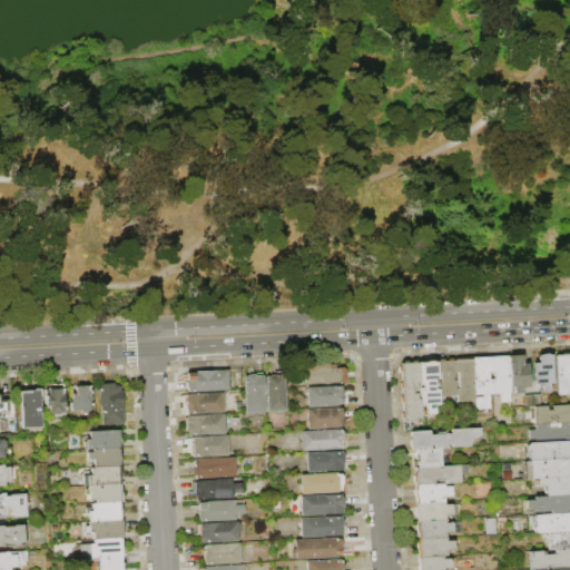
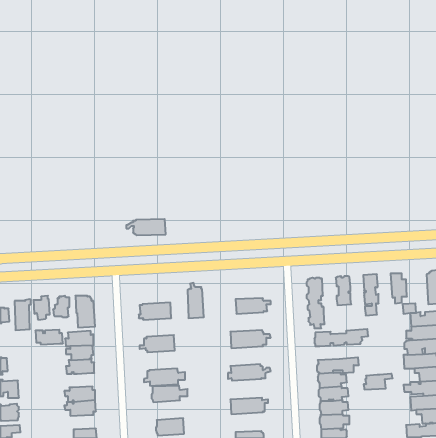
building: [534,354,554,391] -> none
building: [492,355,512,402] -> none
building: [456,357,476,402] -> none
building: [421,360,441,414] -> none
building: [303,364,348,386] -> none
building: [267,367,288,412] -> none
building: [179,371,230,392] -> [126,219,166,235]
building: [307,407,355,430] -> none
building: [188,414,226,436] -> none
building: [414,448,452,468] -> [364,374,393,389]
building: [307,452,355,473] -> none
building: [194,458,237,479] -> none
building: [90,484,126,503] -> [35,330,63,344]
building: [302,494,354,517] -> none
building: [194,522,243,543] -> none
building: [294,538,354,560] -> none
building: [80,539,127,558] -> none

